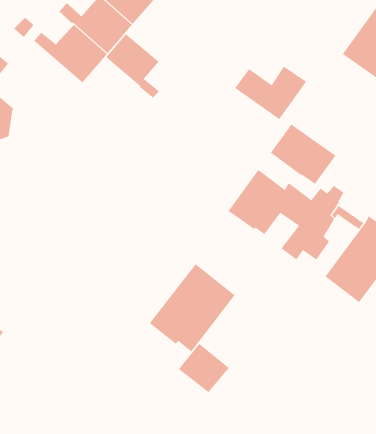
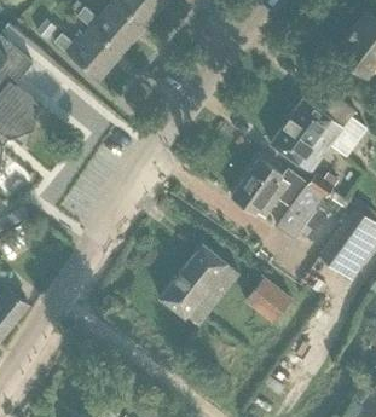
building: [105,33,160,99] -> none
building: [234,66,307,120] -> [289,95,355,145]
building: [178,343,230,393] -> [243,274,290,320]

